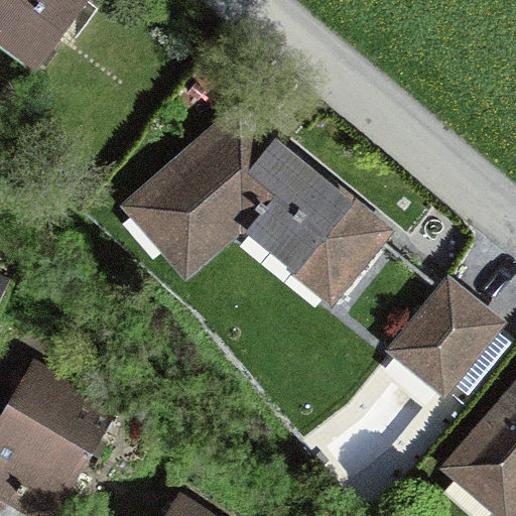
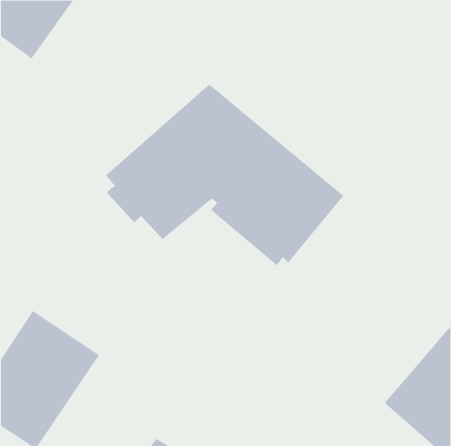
building: [385,275,506,399] -> none

